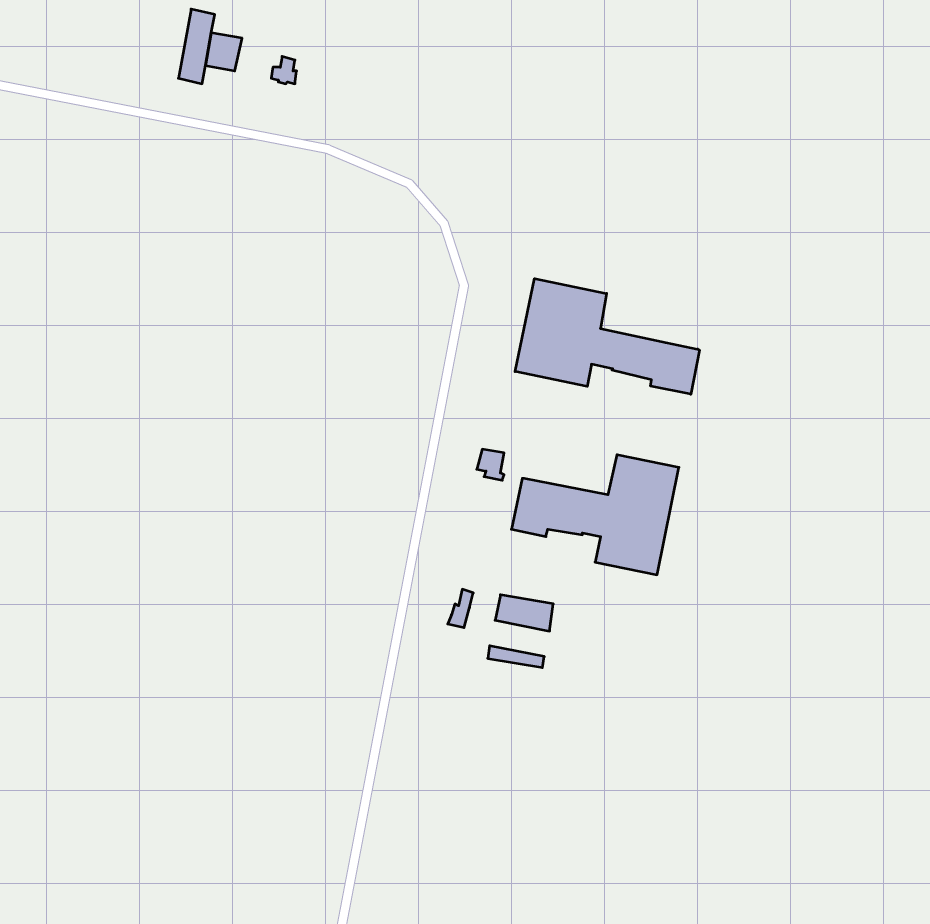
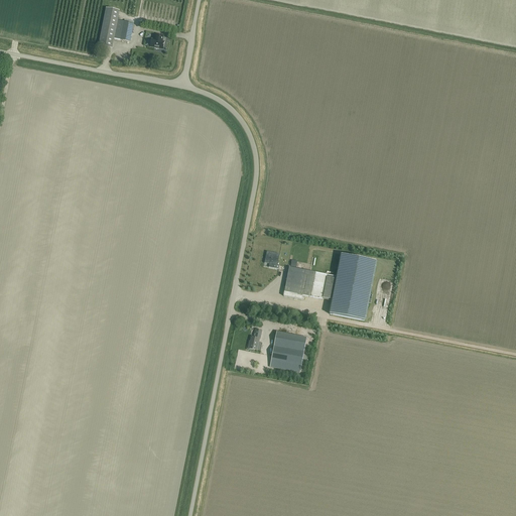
building: [515,279,699,394] -> none
building: none -> [271,344,304,364]

